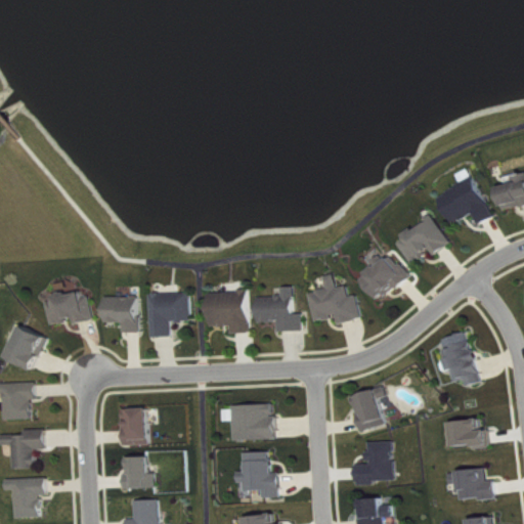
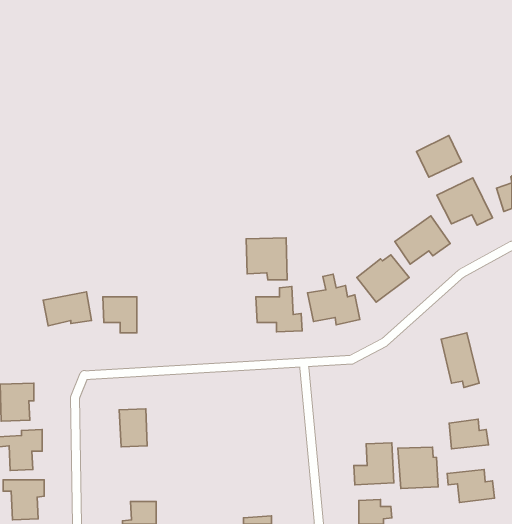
building: none -> [416,135,462,177]
building: [207,291,248,333] -> [246,238,287,280]
building: [147,292,188,337] -> none
building: [5,325,46,368] -> none
building: [349,387,384,430] -> none
building: [230,403,273,440] -> none
building: none -> [398,447,438,489]
building: [234,451,277,496] -> none
building: [122,455,151,487] -> none

